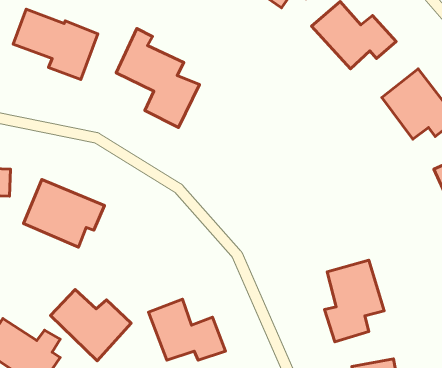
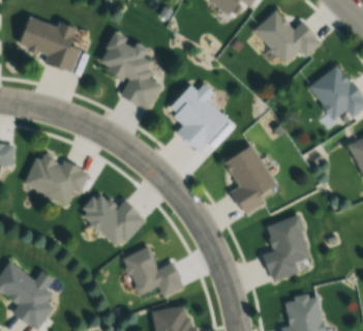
building: none -> [167,84,228,152]
building: none -> [223,144,275,215]
building: [50,289,131,361] -> [80,192,144,249]

